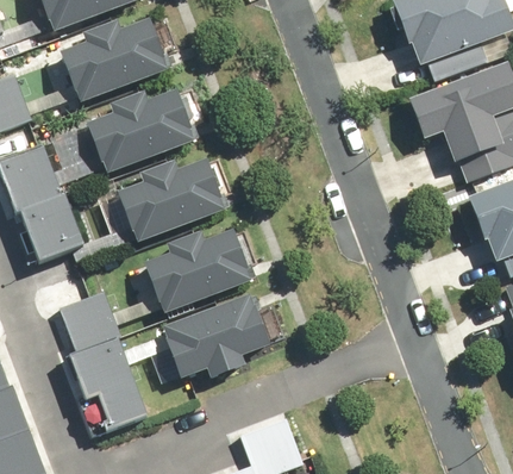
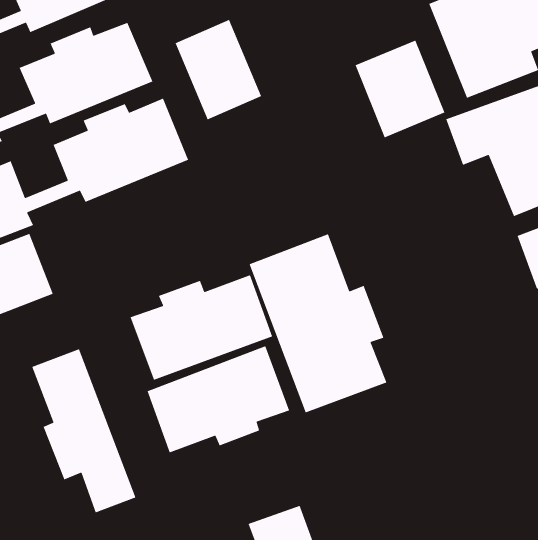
building: none -> [175,19,262,120]
building: none -> [355,39,445,138]
building: [112,156,221,241] -> none
building: none -> [249,233,388,414]

